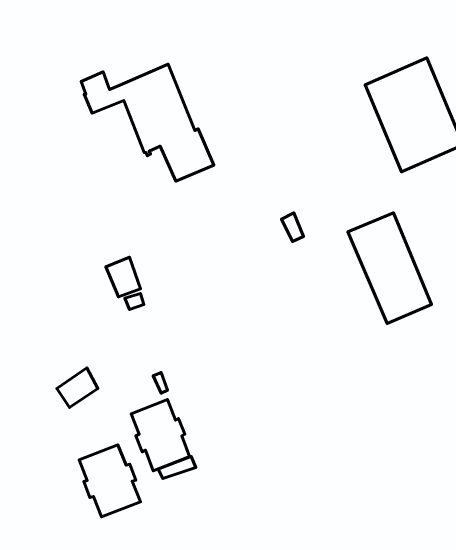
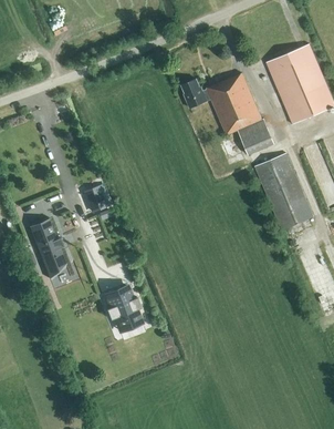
building: [81,64,214,181] -> [180,72,273,154]
building: none -> [29,222,63,265]
building: [79,445,140,517] -> none

